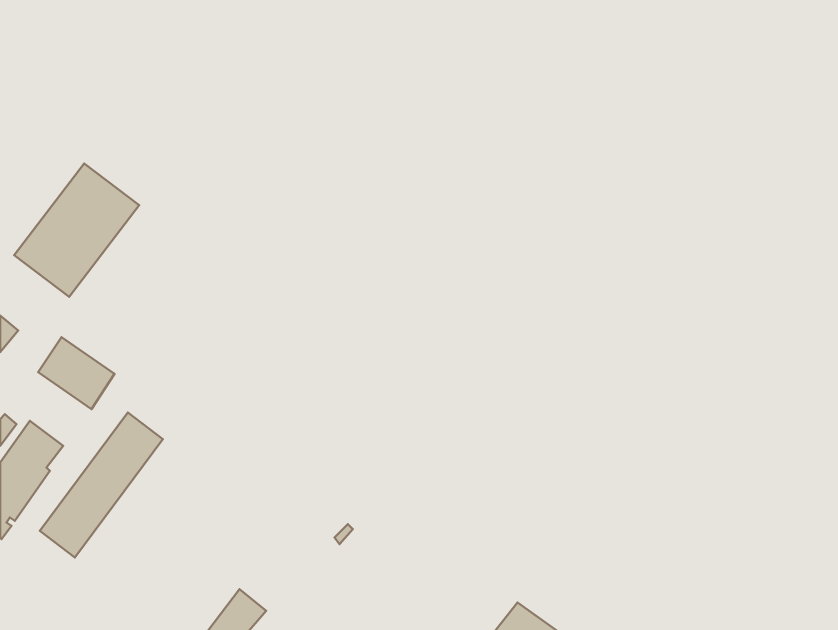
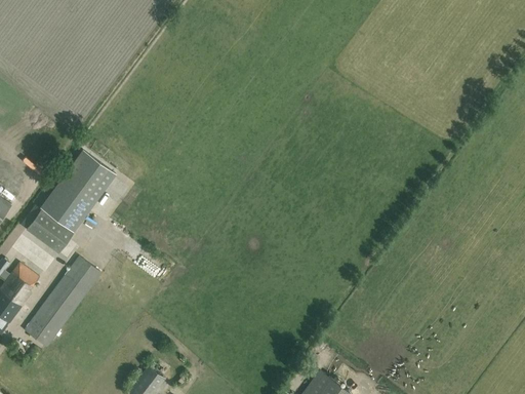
building: [14,164,139,297] -> [40,150,117,232]

